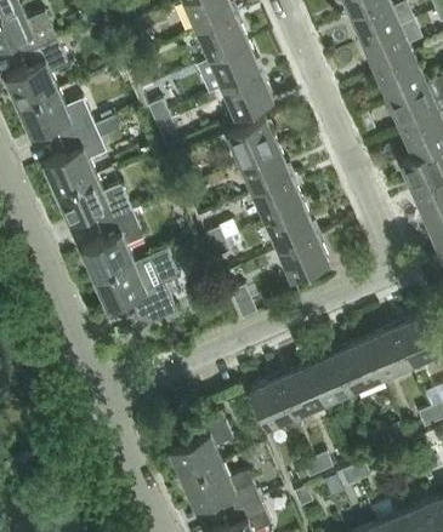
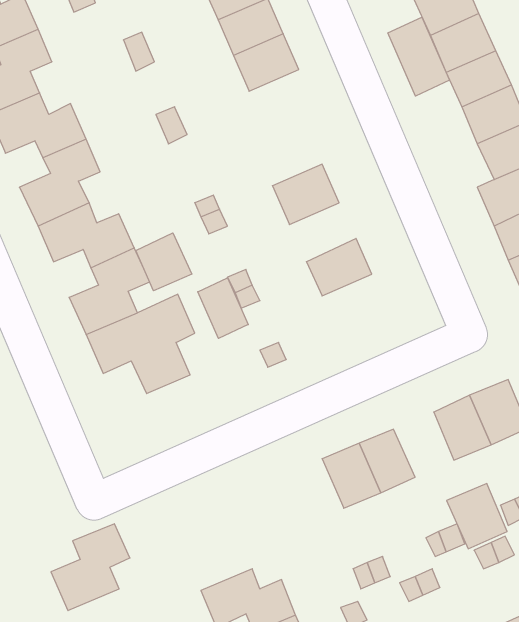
building: none -> [388,17,449,96]
building: [222,74,273,120] -> none
building: [227,119,279,165] -> none
building: [254,178,306,224] -> none
building: none -> [136,233,192,291]
building: [279,234,331,281] -> none
building: none -> [198,278,248,338]
building: [335,342,382,393] -> [447,484,507,549]
building: [250,378,296,430] -> none
building: [171,413,233,481] -> [51,524,130,611]

